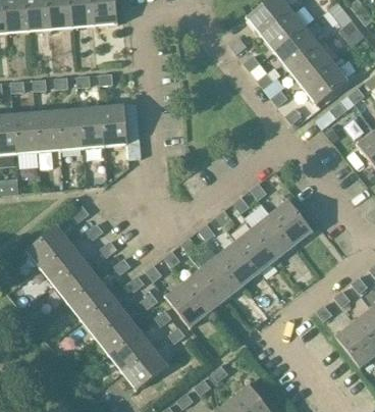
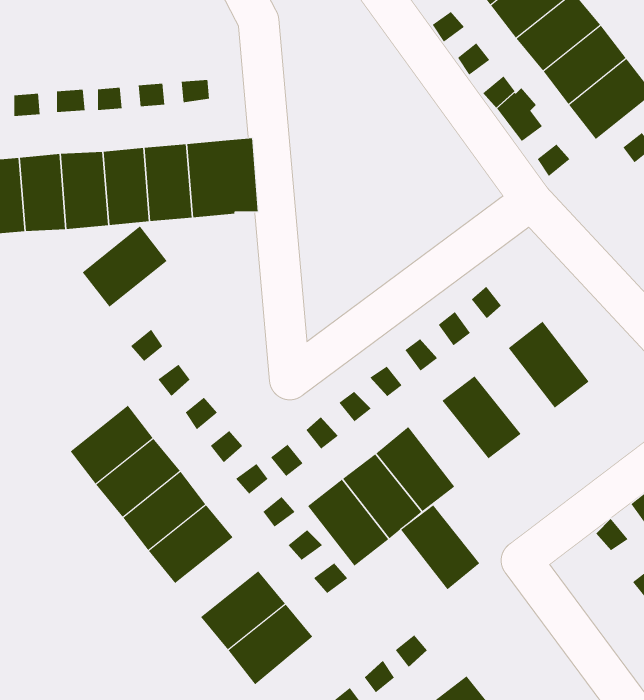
building: [253,214,294,259] -> none
building: [26,225,71,268] -> [82,226,167,307]
building: [218,242,260,287] -> [400,505,480,590]
building: [96,313,140,355] -> none

